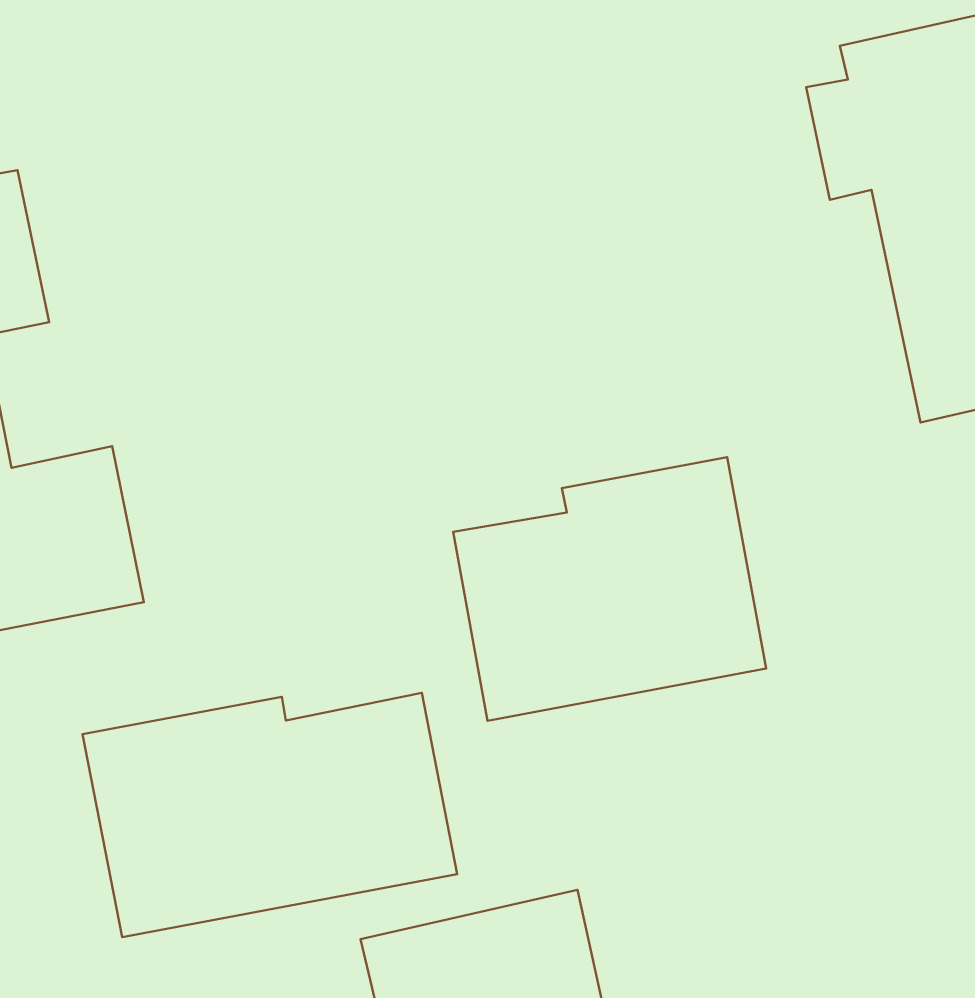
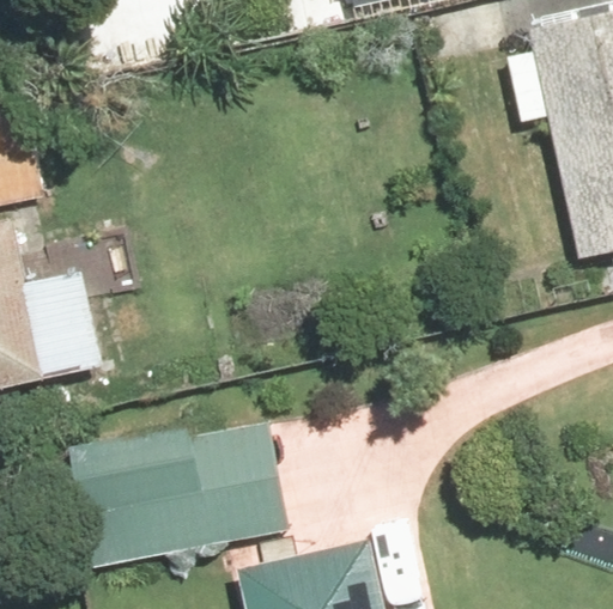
building: [453,457,766,721] -> none

